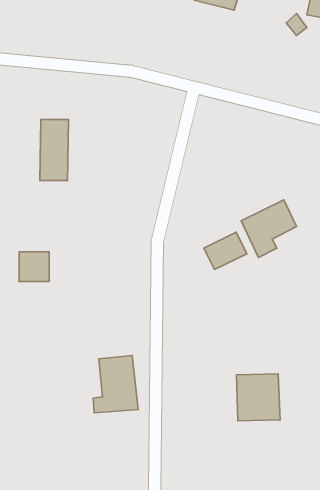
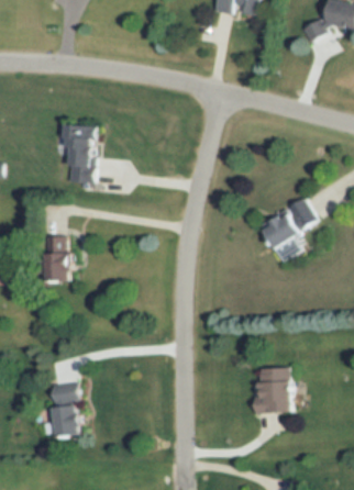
building: [204,232,247,270] -> none
building: [93,355,138,413] -> [41,380,84,435]

